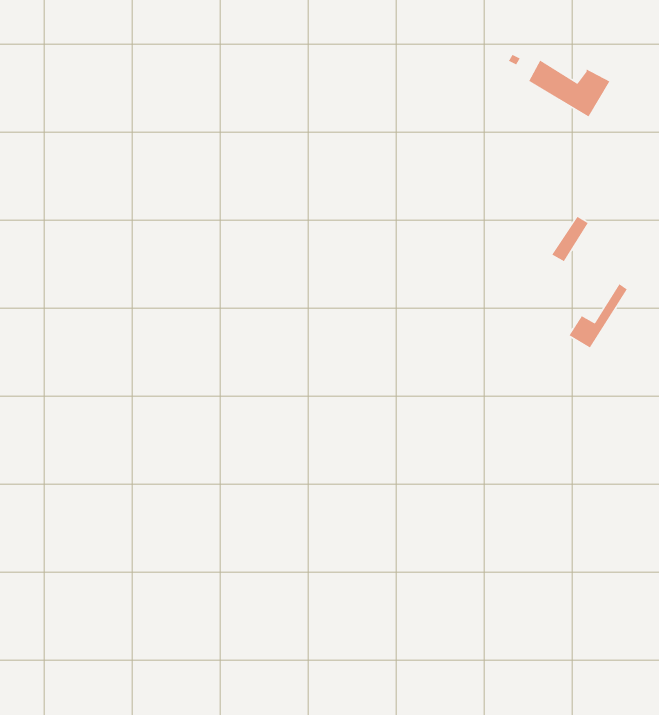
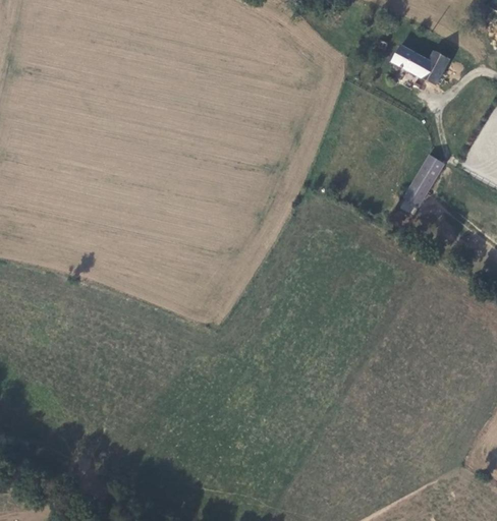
building: [569,283,628,348] -> [401,160,443,206]

